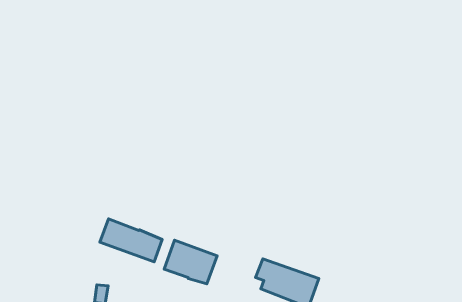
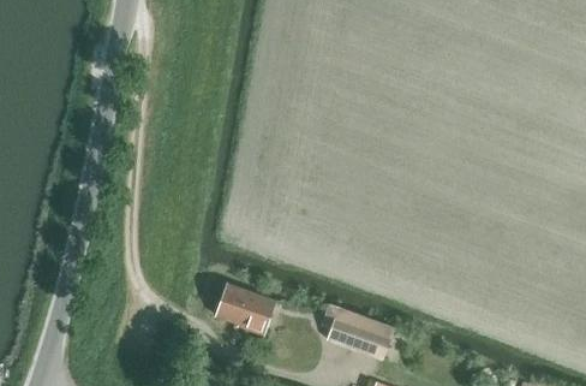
building: [100,219,162,262] -> none

